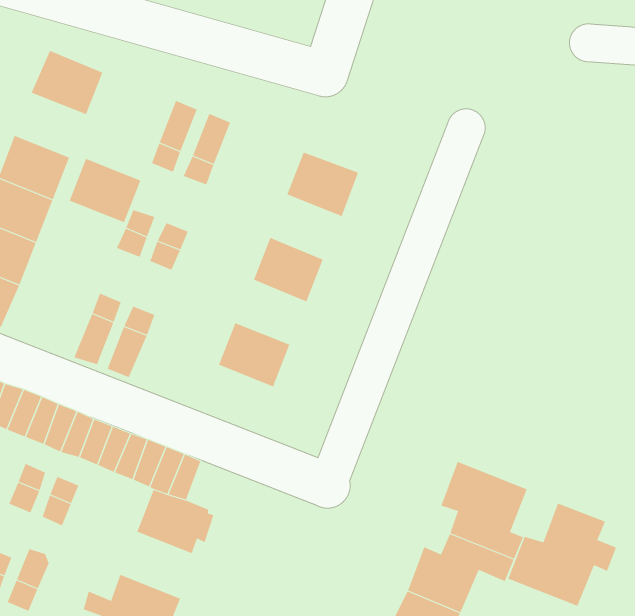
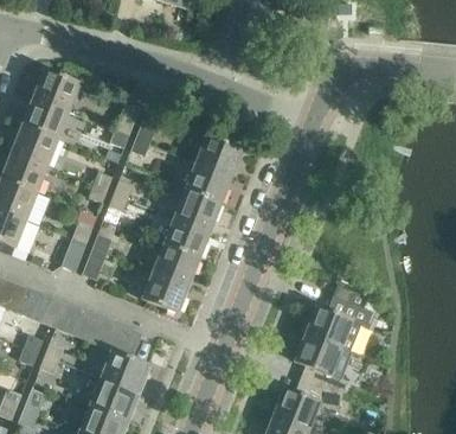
building: [69,158,141,223] -> [23,97,69,139]
building: none -> [186,162,232,204]
building: none -> [163,217,210,259]
building: none -> [142,272,188,313]
building: [507,503,617,607] -> [306,285,375,351]
building: none -> [90,378,136,421]

